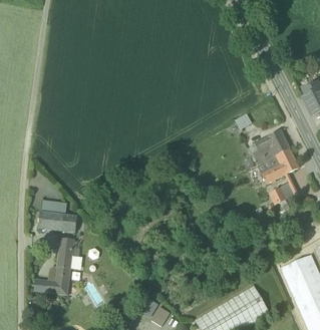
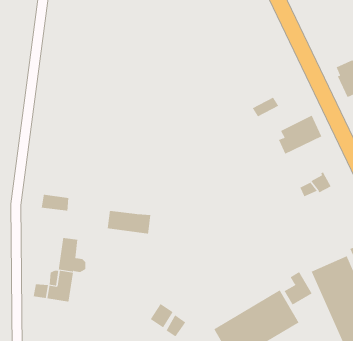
building: [257,148,299,184] -> none
building: [38,212,77,233] -> [107,210,151,234]
building: none -> [284,271,312,306]

